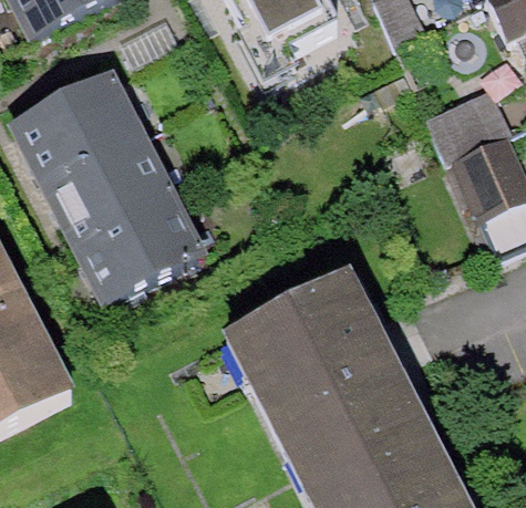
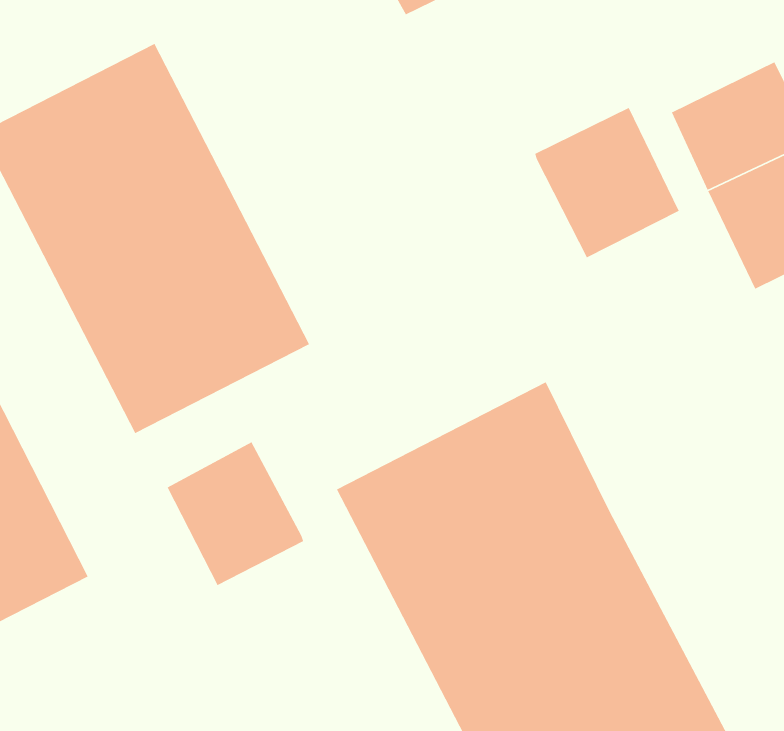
building: none -> [534,107,680,259]
building: none -> [166,441,304,586]

